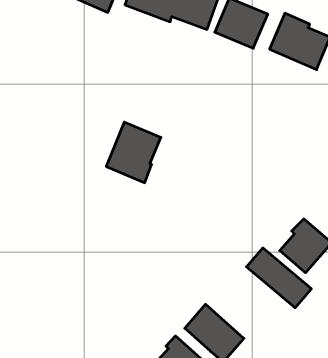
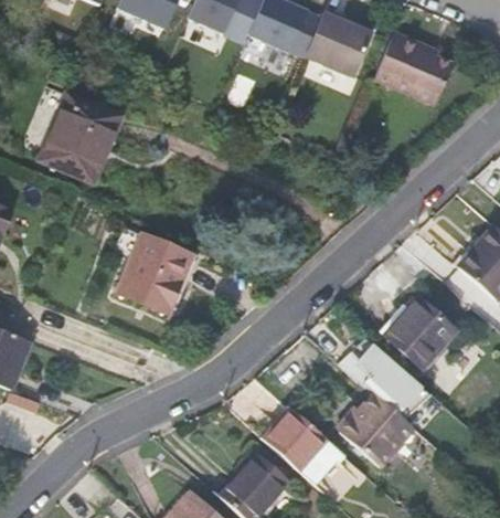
building: none -> [40,93,120,181]
building: [106,122,161,183] -> [118,234,189,313]
building: none -> [338,392,414,466]

